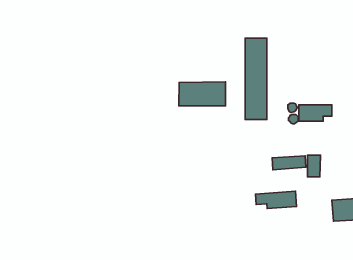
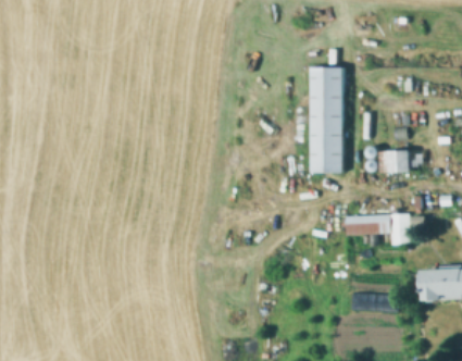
building: [179,82,226,106] -> none
building: [255,191,297,208] -> none

